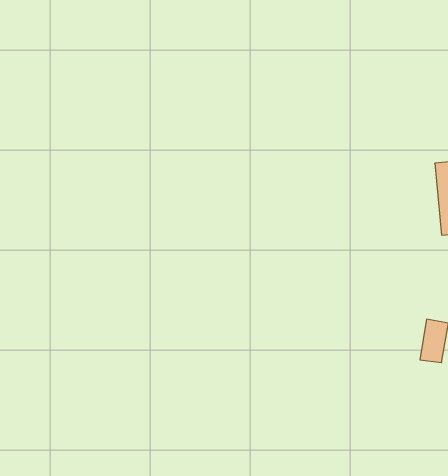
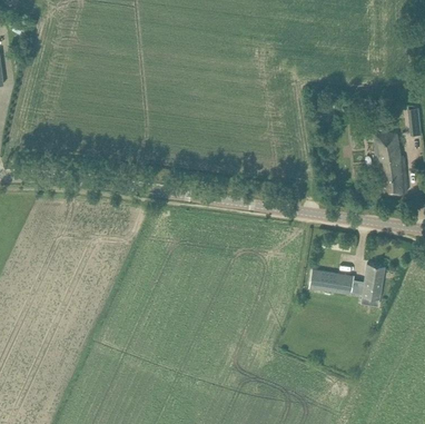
building: none -> [309,269,352,295]

